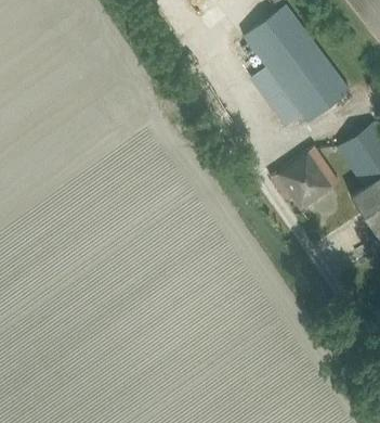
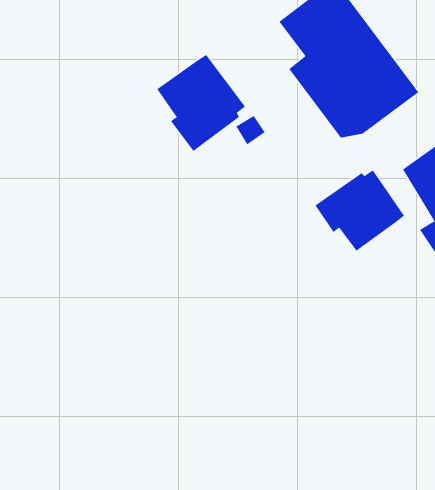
building: none -> [156,54,246,152]

